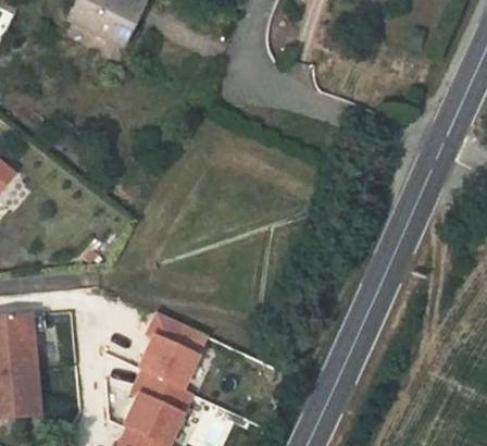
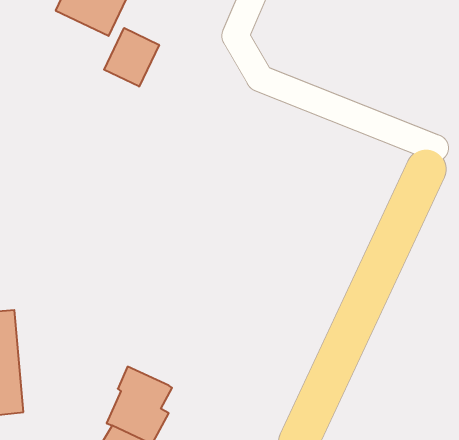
building: none -> [104,28,159,87]
building: [139,311,208,387] -> none

